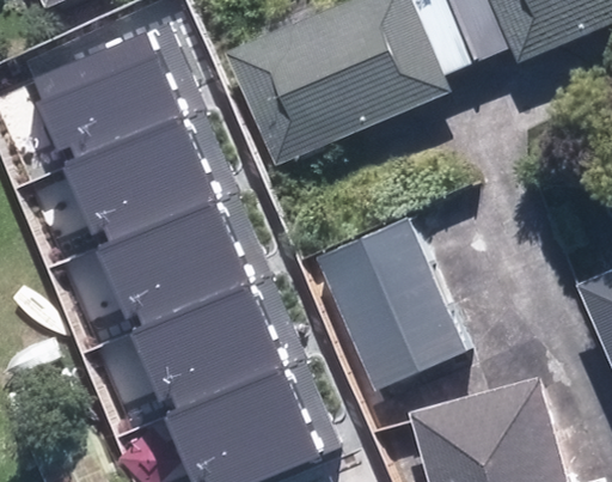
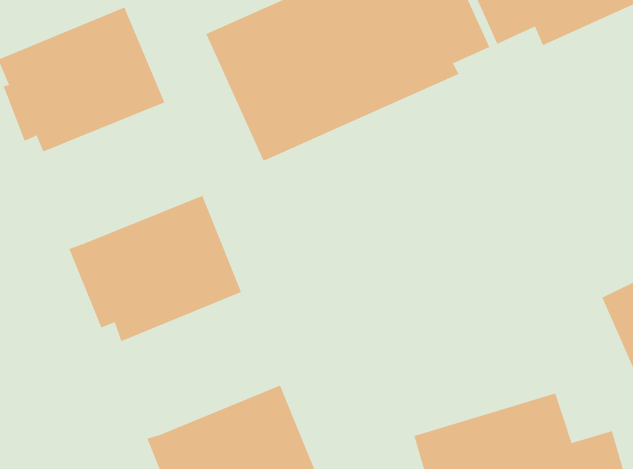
building: [63,117,215,243] -> none
building: [317,220,467,389] -> none
building: [131,286,284,413] -> none

